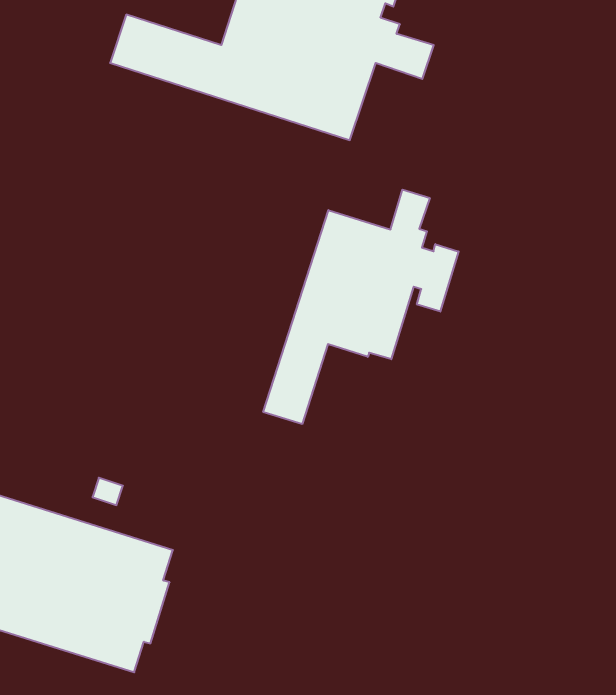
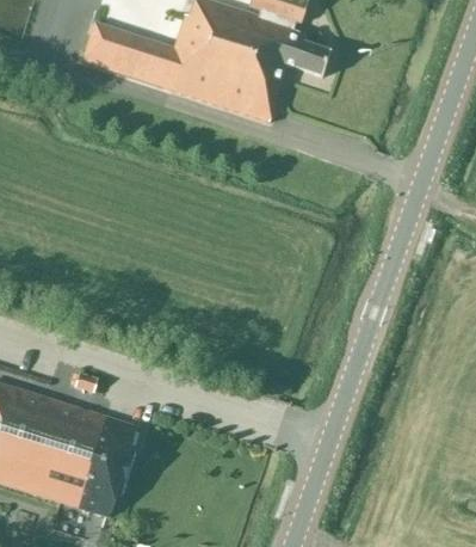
building: [263,190,459,424] -> none

